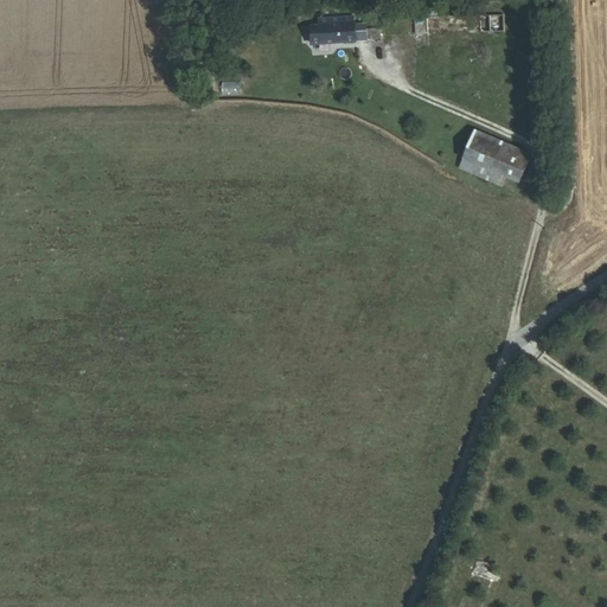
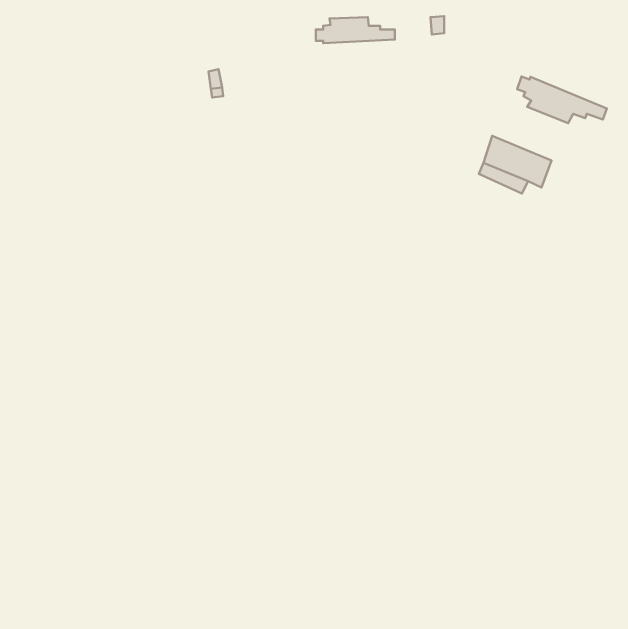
building: none -> [517,77,607,123]

